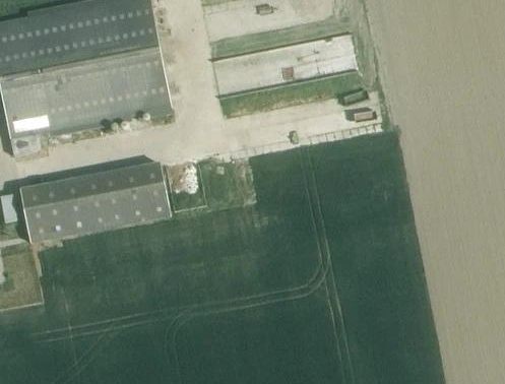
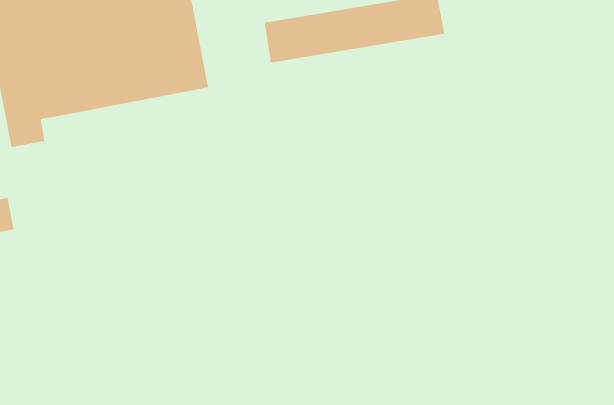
building: [19,163,170,242] -> none

